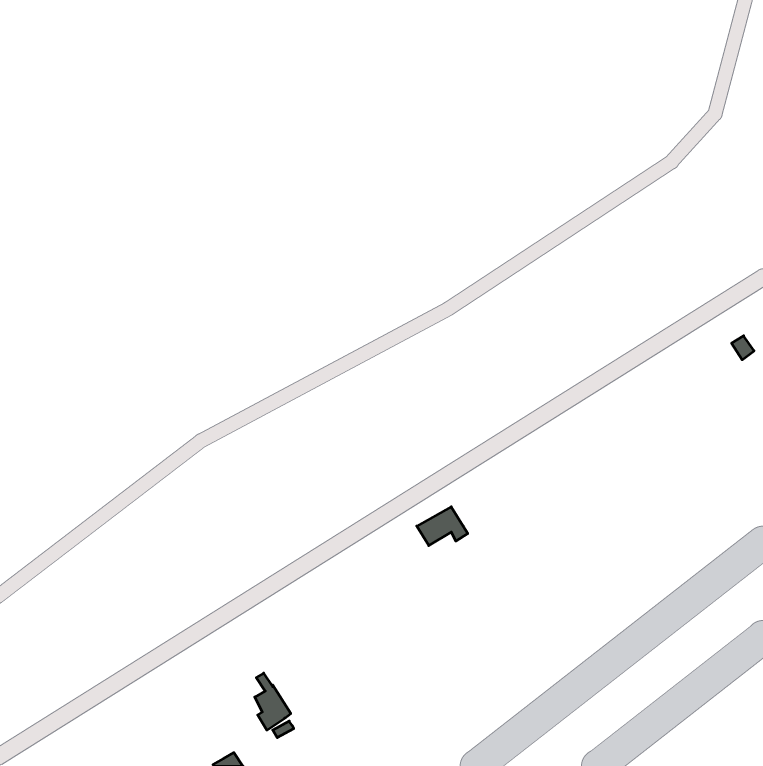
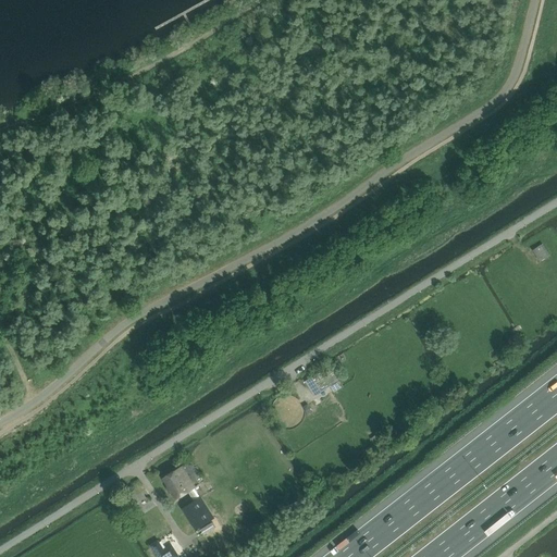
building: none -> [162,468,191,499]

